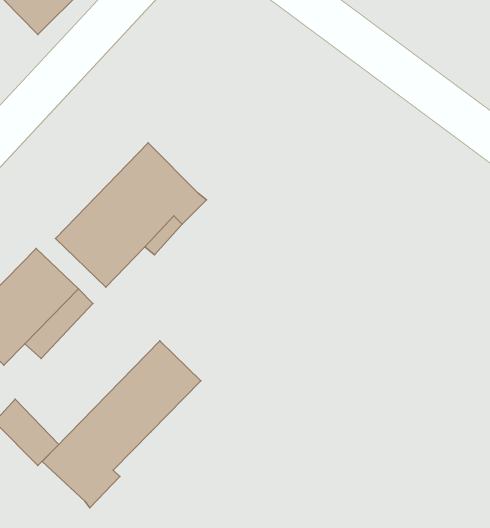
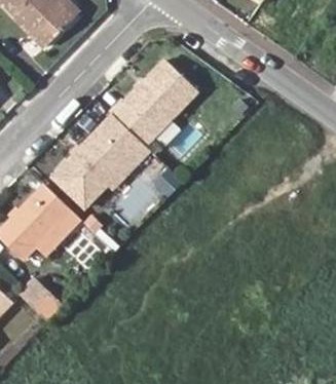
building: none -> [118,65,204,151]
building: [42,341,201,508] -> none

